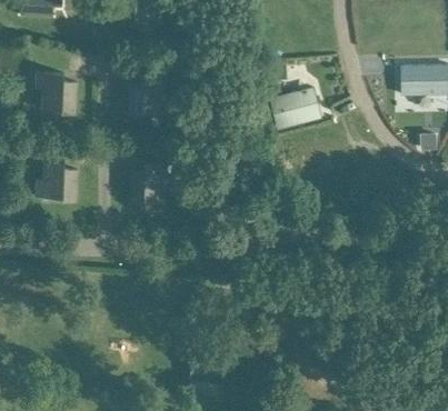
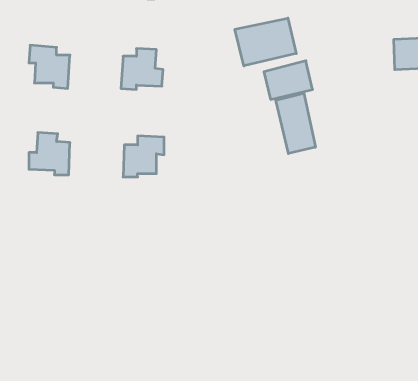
building: none -> [235,18,296,66]
building: none -> [276,93,315,154]

